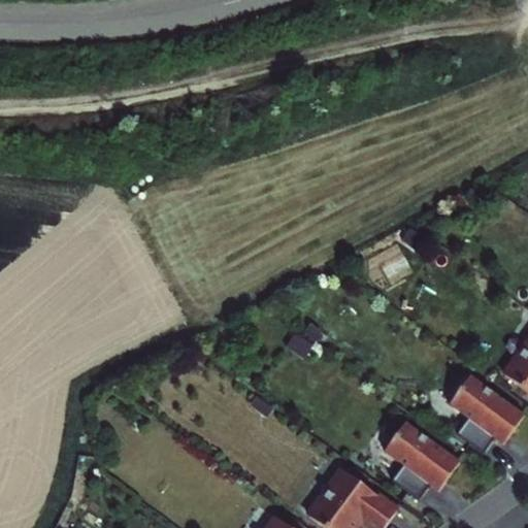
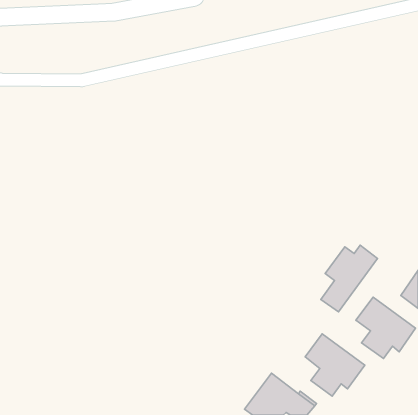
building: none -> [321,245,378,312]

